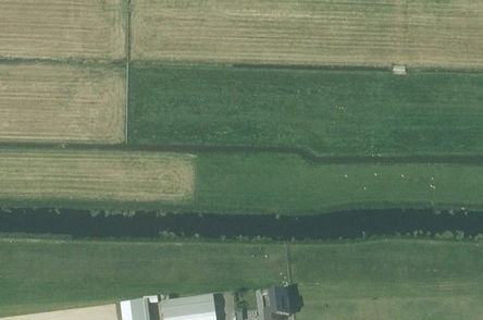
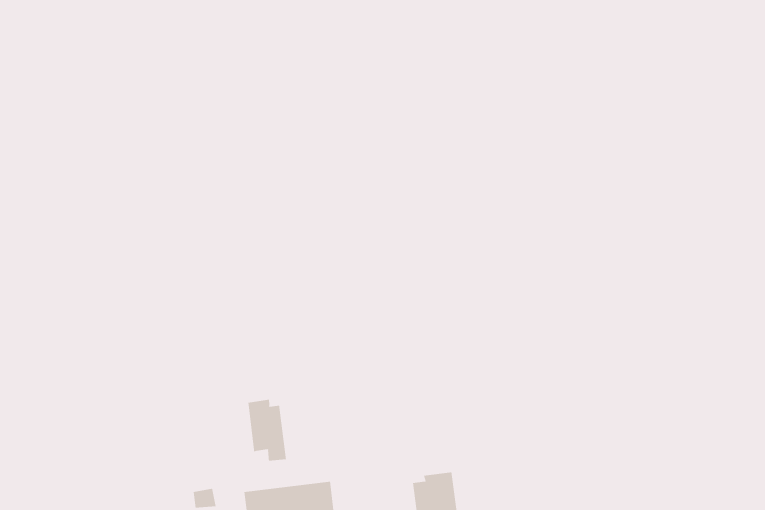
building: none -> [248,399,287,461]

